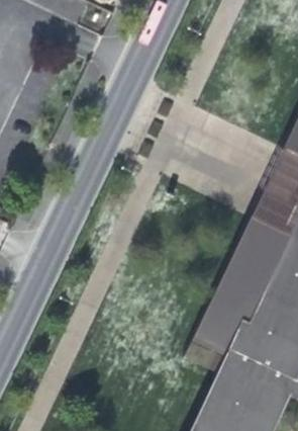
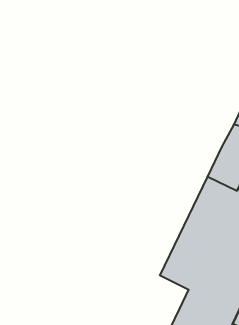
building: [187,332,232,372] -> none

